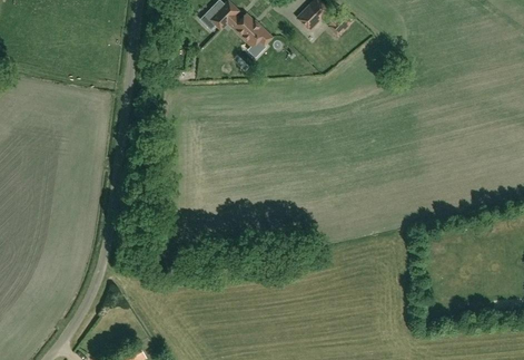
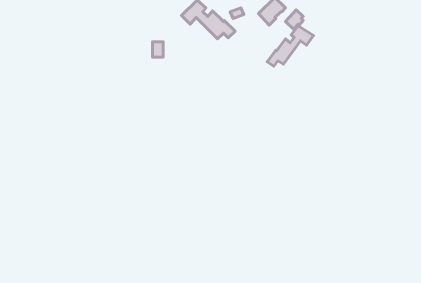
building: none -> [267,26,313,66]

